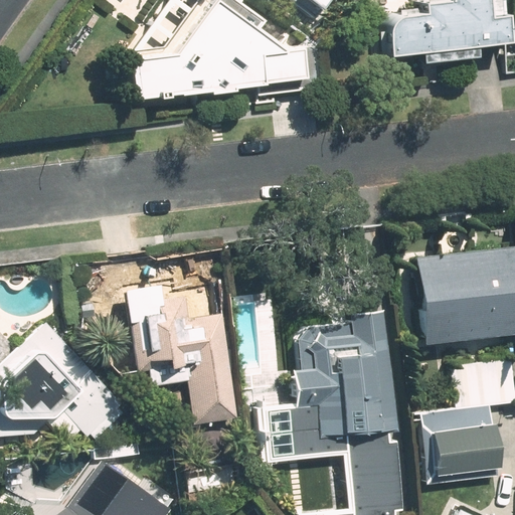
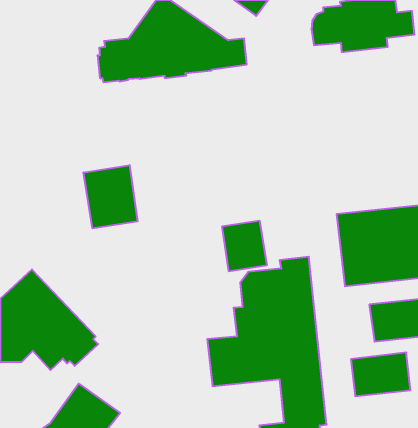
building: none -> [83,165,138,228]
building: none -> [222,221,267,271]
building: [126,285,242,425] -> none

